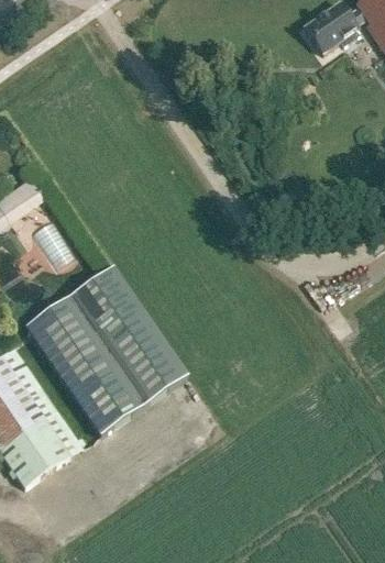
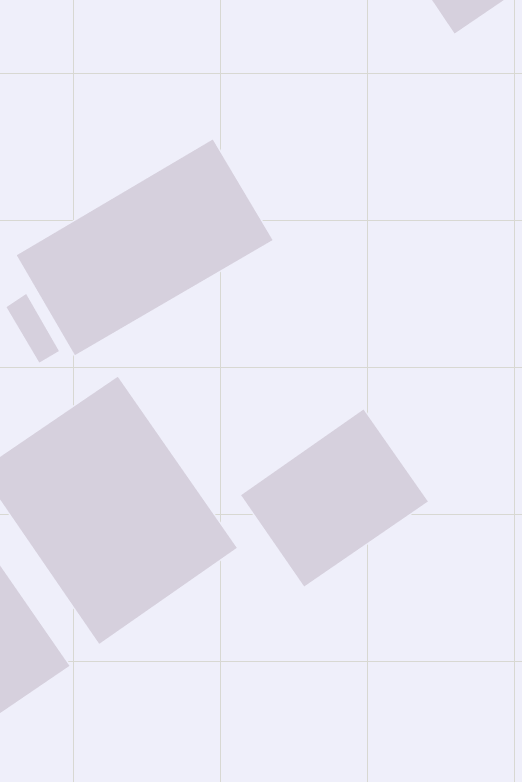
building: none -> [16,138,274,356]
building: none -> [240,409,429,588]

